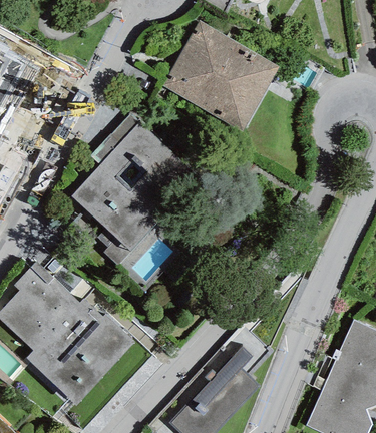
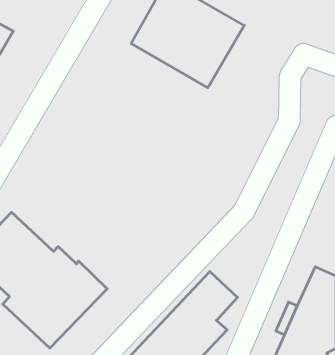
building: [70,114,201,254] -> none

